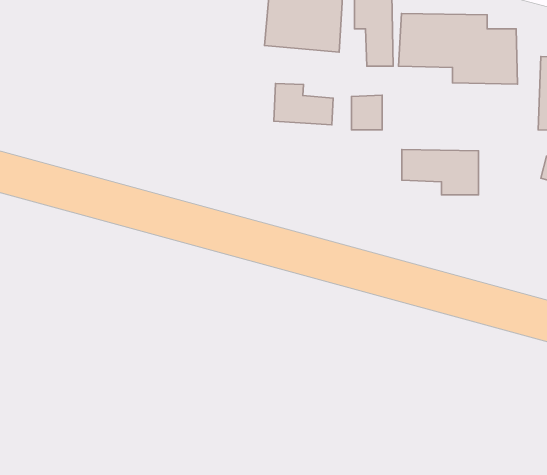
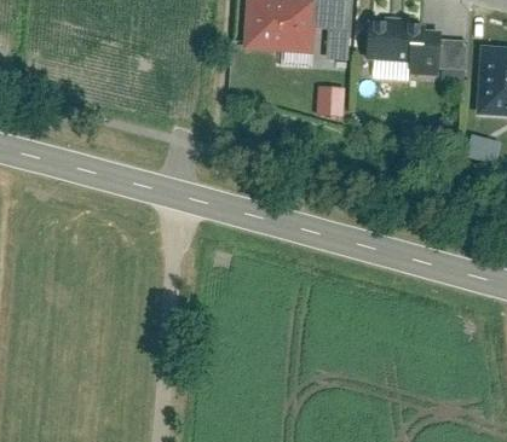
building: [274,83,333,125] -> none
building: [402,149,479,195] -> none

